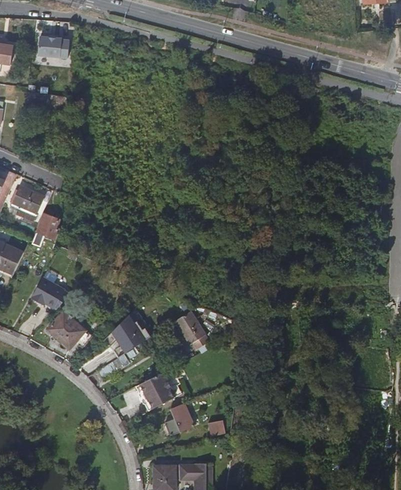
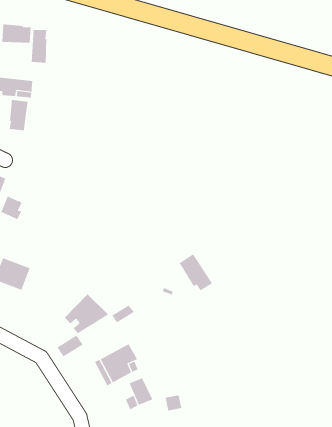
building: none -> [31,29,47,63]
building: none -> [9,99,28,131]
building: [48,311,87,349] -> none
building: [175,311,210,350] -> [179,253,213,291]

